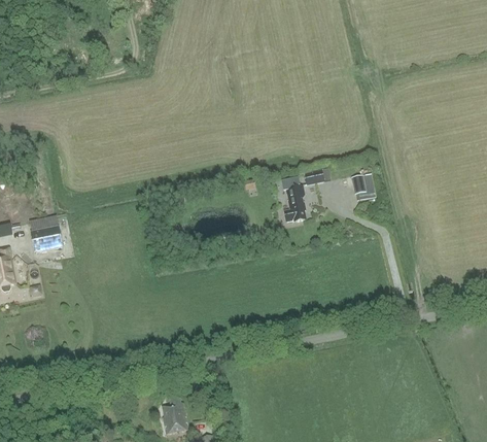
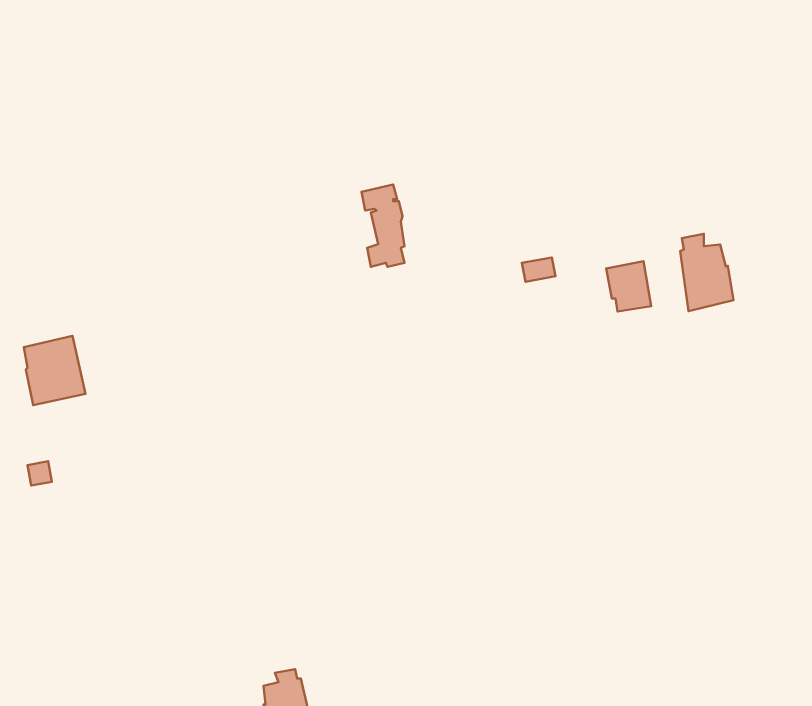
building: none -> [680,234,733,311]
building: [281,175,305,220] -> [361,184,404,267]

